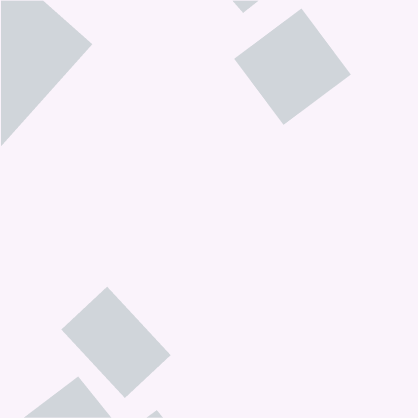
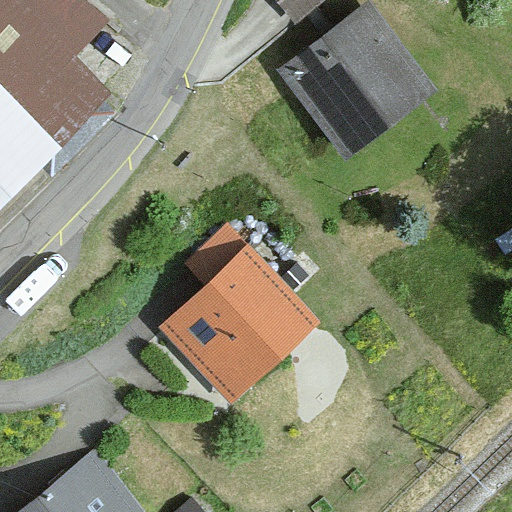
building: none -> [169,230,313,397]
building: [60,286,171,399] -> none

